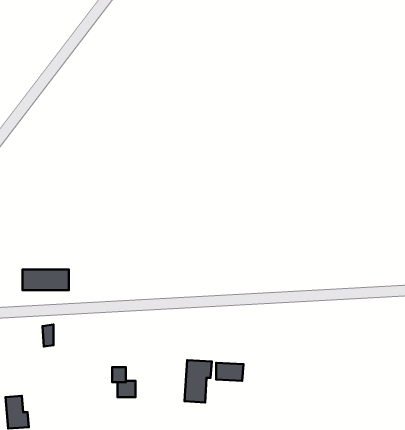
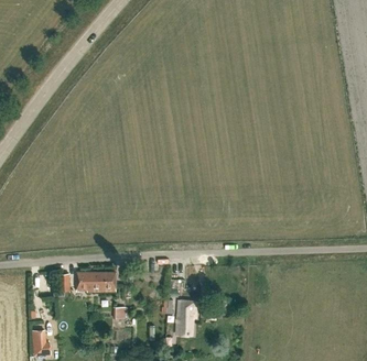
building: [22,270,69,290] -> [76,273,114,289]

